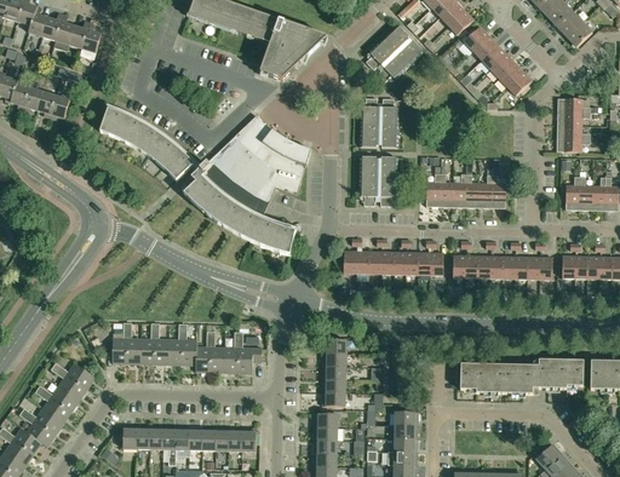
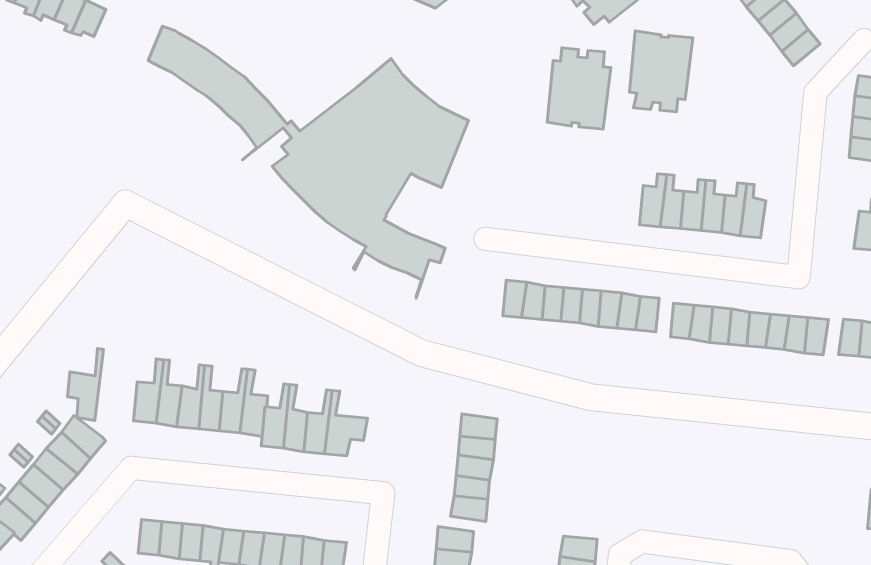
building: [360,156,397,206] -> [629,31,693,112]
building: none -> [68,349,103,421]
building: [460,360,584,393] -> none

